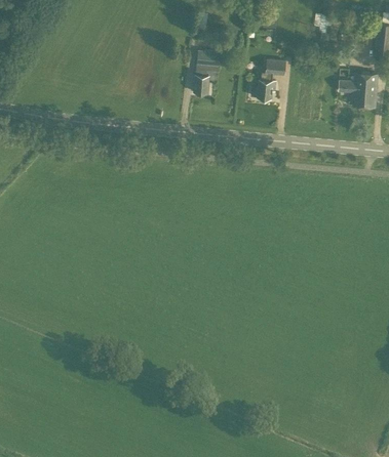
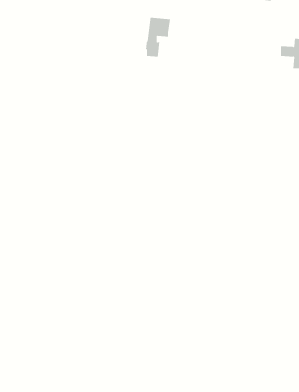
building: [250,59,284,98] -> none

